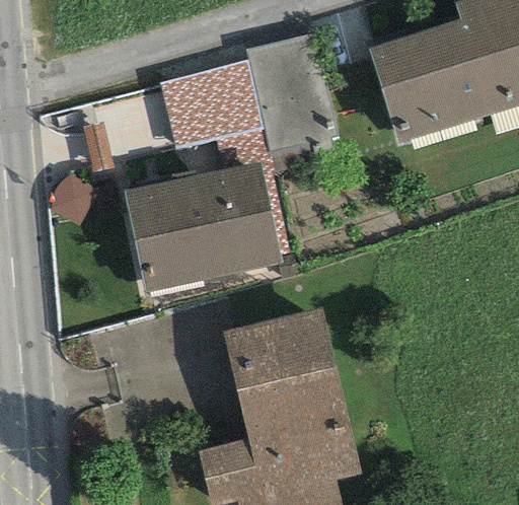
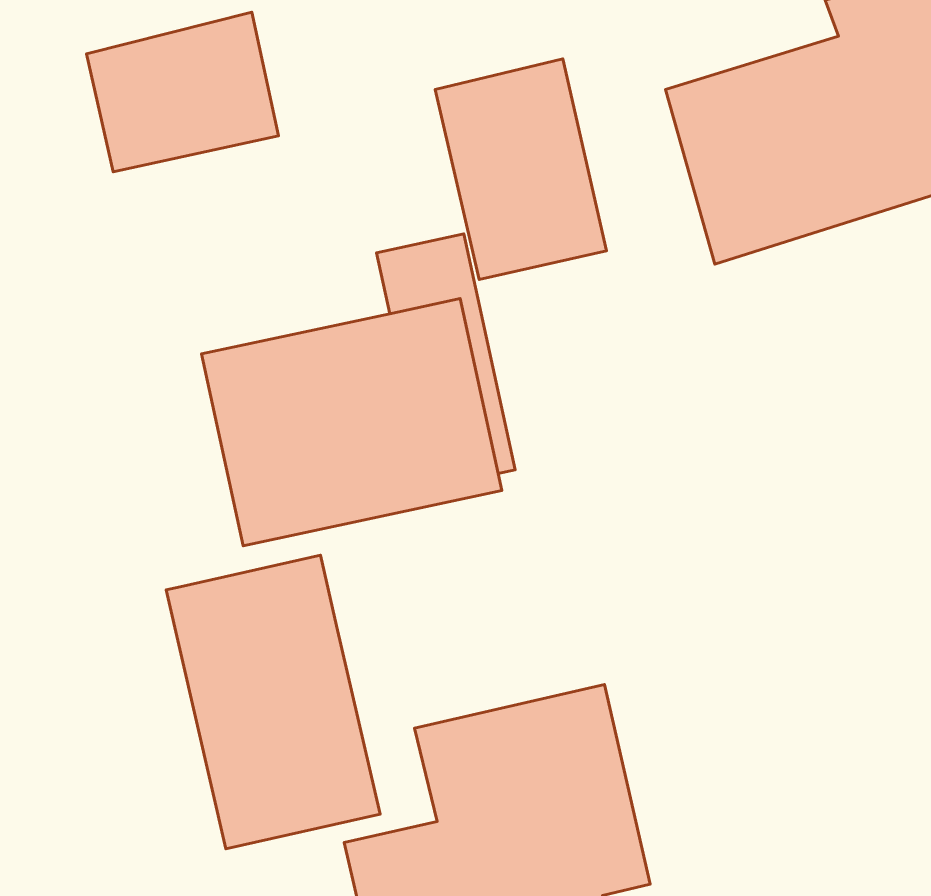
building: [159,61,262,146] -> [87,12,279,172]
building: none -> [166,555,380,849]
building: [221,307,337,390] -> none

